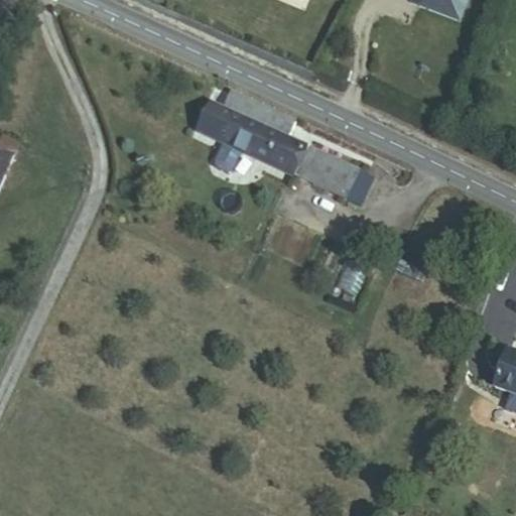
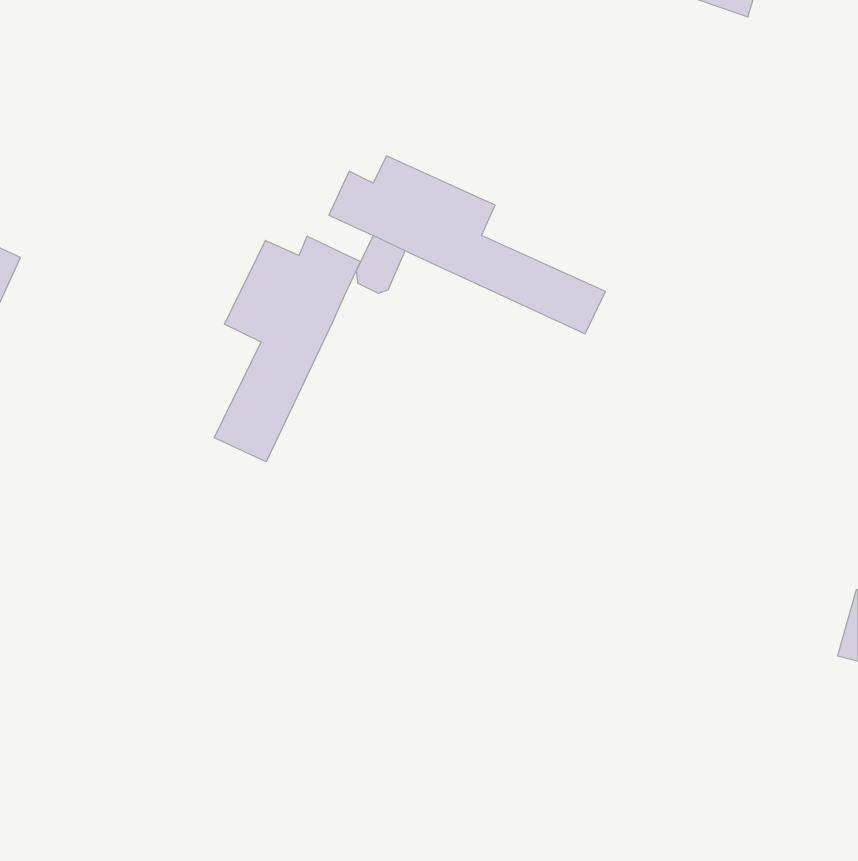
building: none -> [214,236,361,462]

